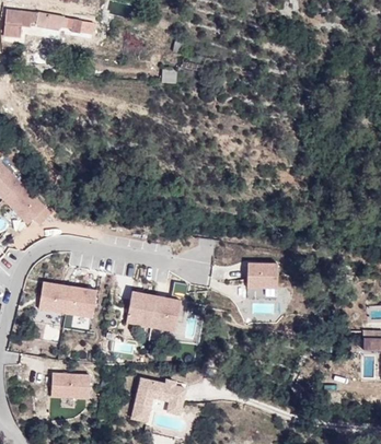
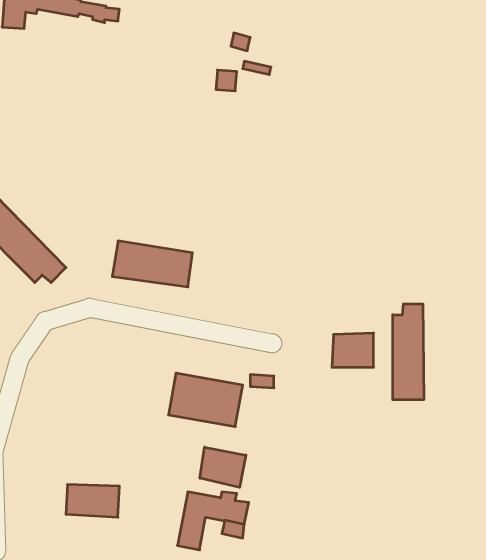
building: none -> [393,304,424,400]
building: [37,281,96,315] -> [112,241,192,287]
building: none -> [200,447,246,487]

